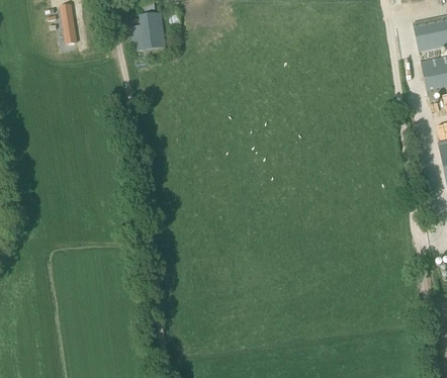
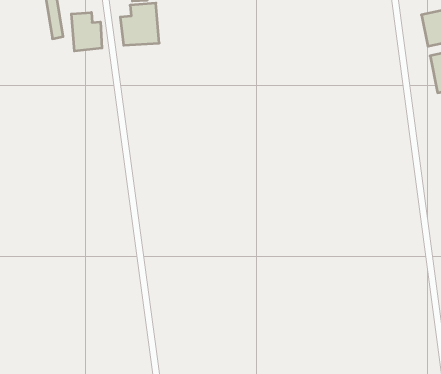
building: none -> [71,12,102,51]

